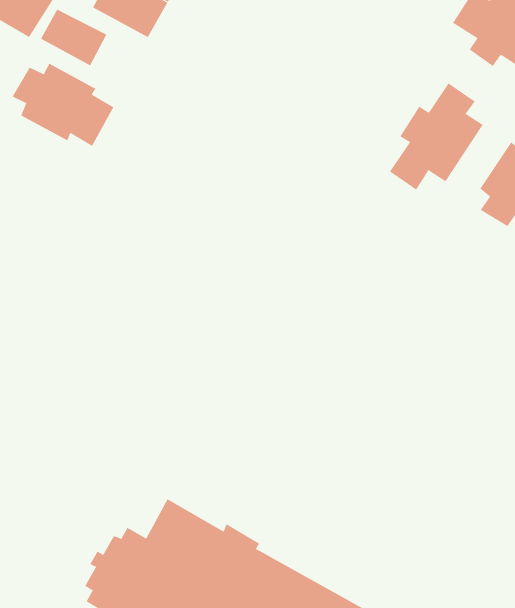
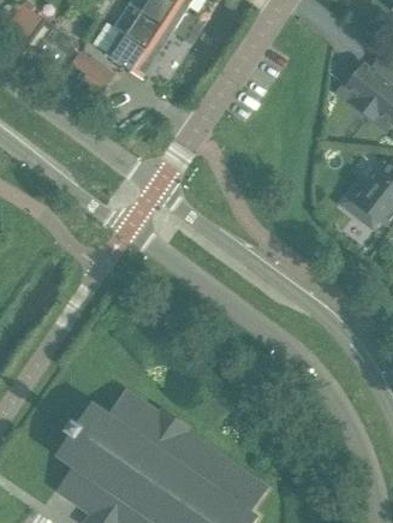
building: [12,63,114,147] -> none
building: [389,83,484,190] -> none

